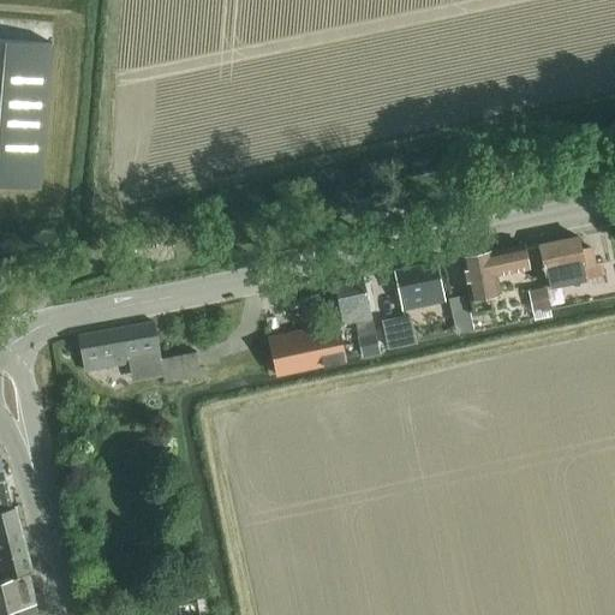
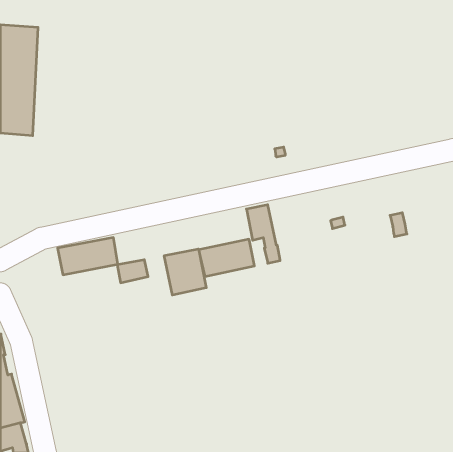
building: [539,238,604,287] -> none
building: [461,246,527,315] -> none
building: [374,263,446,339] -> none
building: none -> [164,249,206,295]

